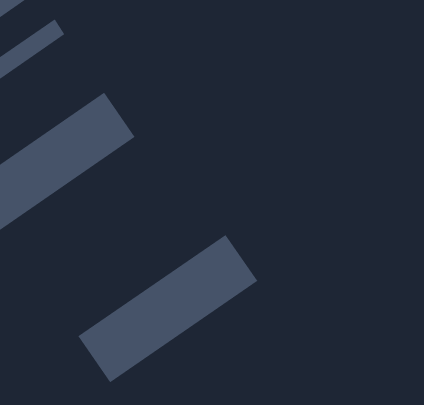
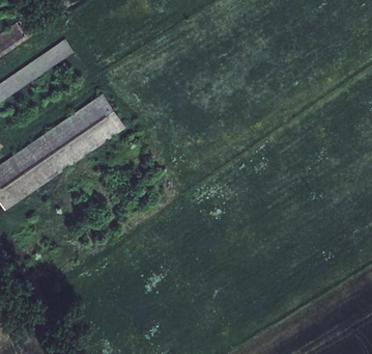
building: [78,234,258,383] -> none

